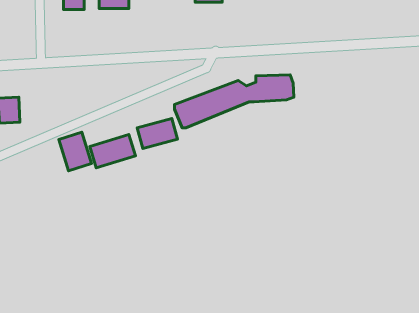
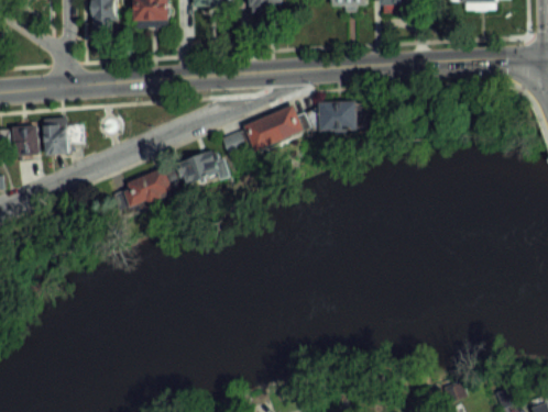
building: none -> [44,124,67,154]
building: [59,132,92,171] -> none

